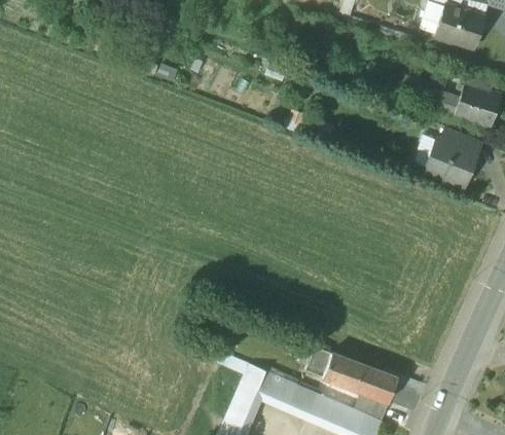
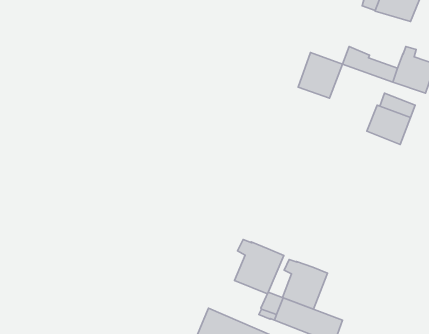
building: none -> [298,53,343,98]
building: none -> [235,239,284,294]
building: none -> [282,259,328,309]

